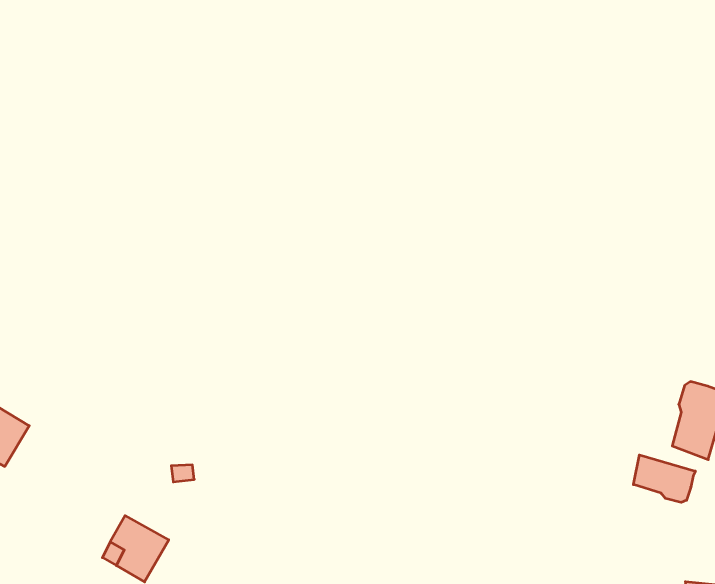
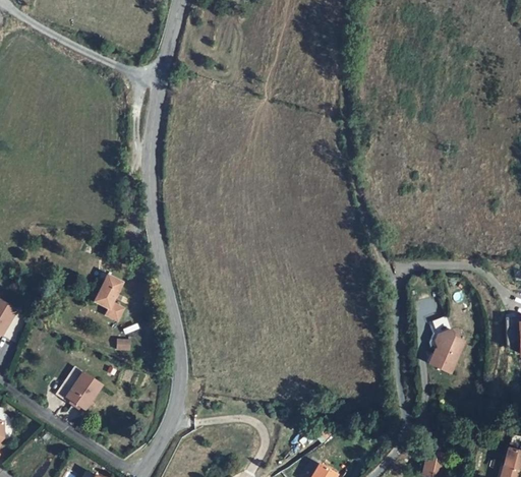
building: none -> [93,277,122,322]
building: [633,455,695,502] -> none

